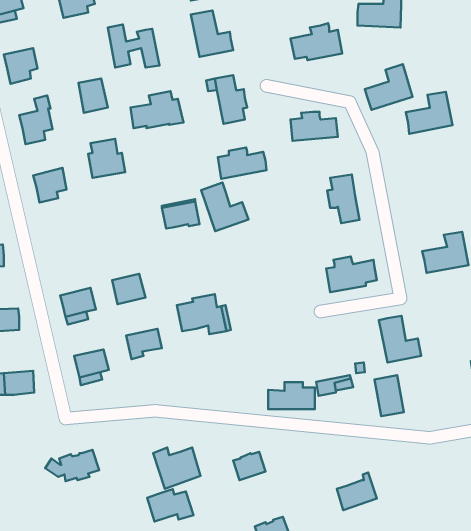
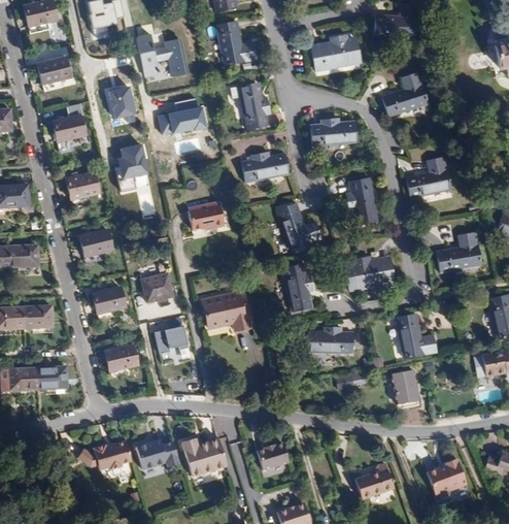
building: [406,92,452,134] -> [407,157,451,197]
building: [201,183,249,231] -> [276,202,321,249]
building: none -> [79,229,112,263]
building: none -> [283,263,313,310]
building: [268,382,315,409] -> [308,326,352,352]
building: none -> [427,457,468,496]
building: [147,489,193,522] -> [137,437,181,468]

